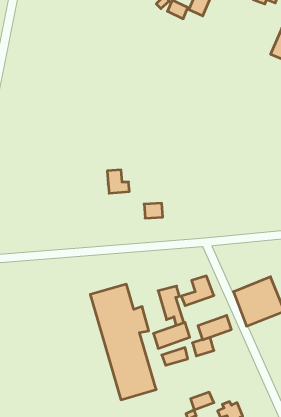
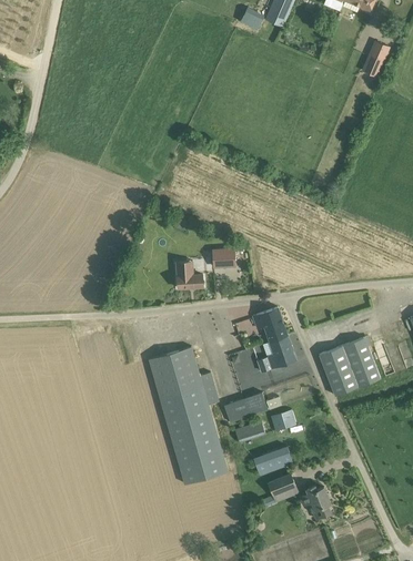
building: [107,170,129,193] -> [175,261,202,288]
building: none -> [252,307,286,341]
building: [198,315,231,340] -> [252,446,292,475]

